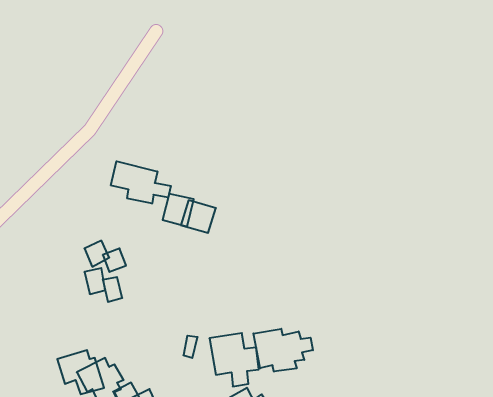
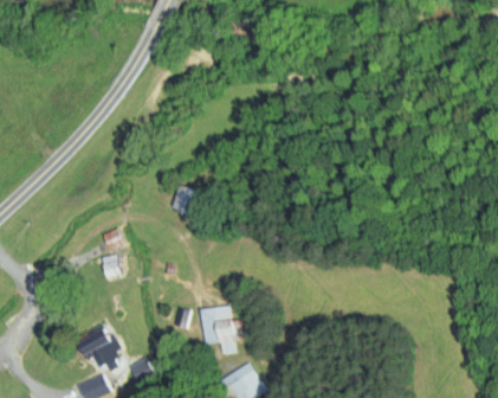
building: [111,161,171,204] -> none
building: [253,329,313,372] -> none

